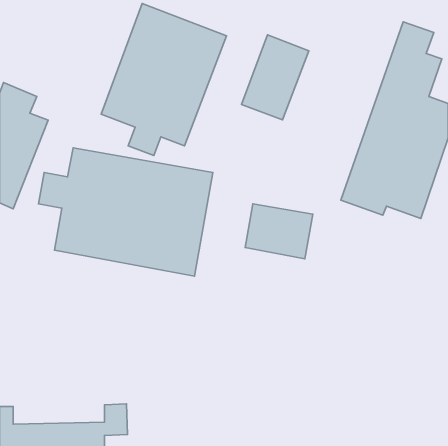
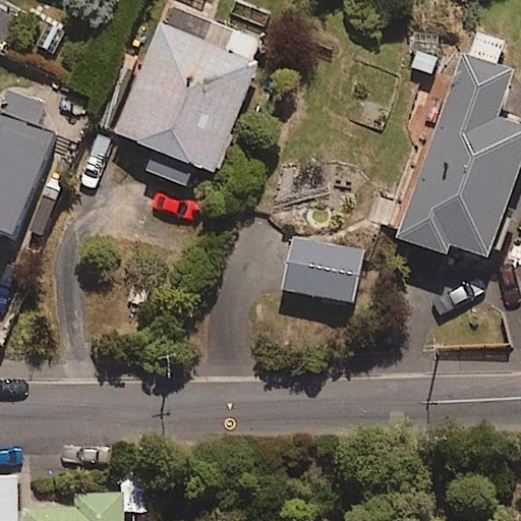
building: [242,35,309,120] -> none
building: [38,148,213,276] -> none

